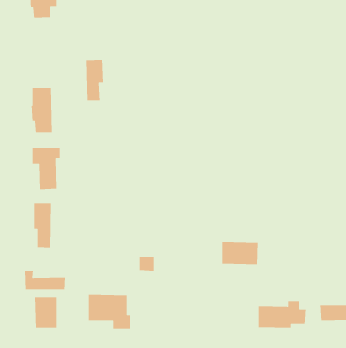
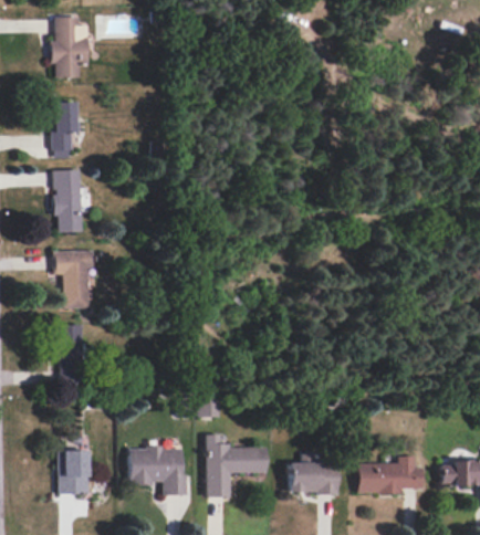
building: [86,59,104,101] -> [52,102,76,158]
building: [221,241,258,265] -> [288,462,337,494]
building: [24,270,66,290] -> none
building: none -> [206,434,267,497]

